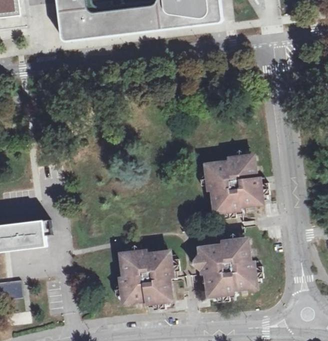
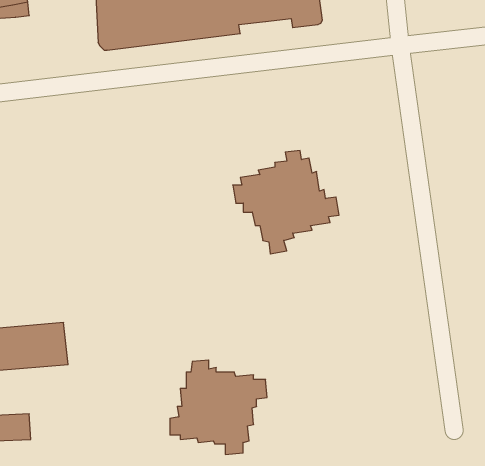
building: [200,151,271,220] -> [233,151,339,254]
building: [195,232,263,300] -> none

